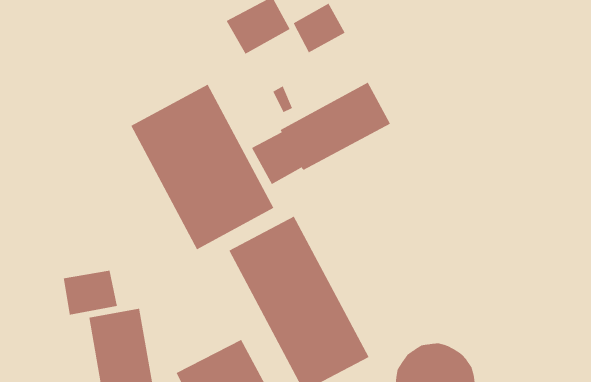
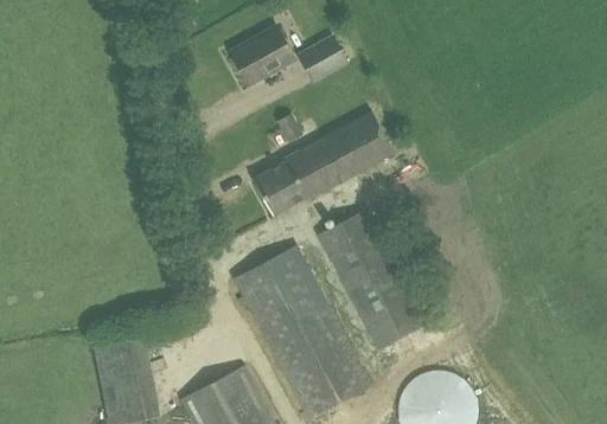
building: [130,84,274,250] -> none
building: none -> [317,211,423,349]
building: [63,270,117,315] -> none

